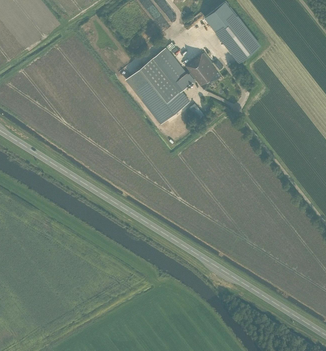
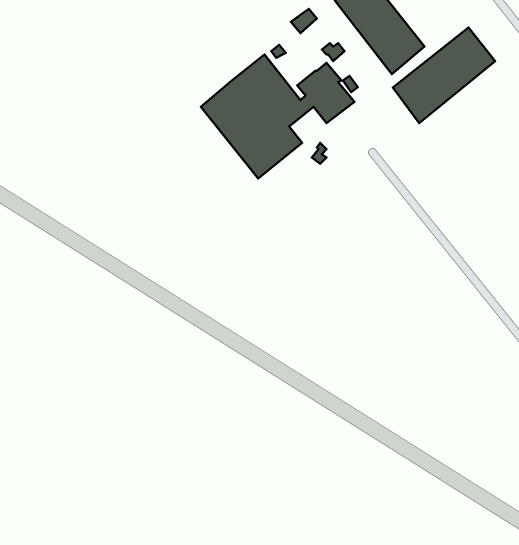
building: none -> [393,27,495,123]

